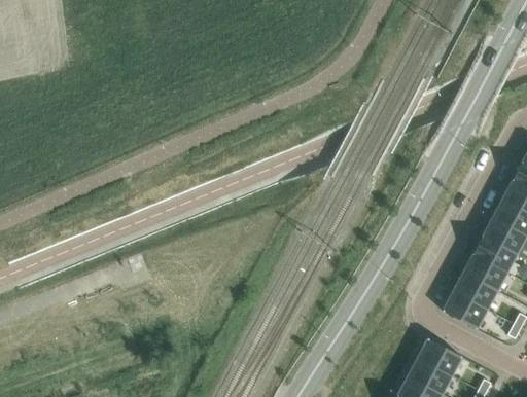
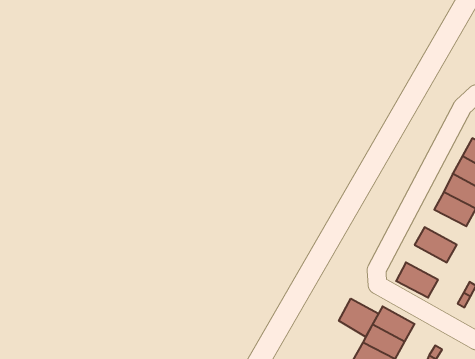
building: [472,236,517,273] -> none
building: [453,273,496,310] -> none
building: none -> [339,299,378,337]

